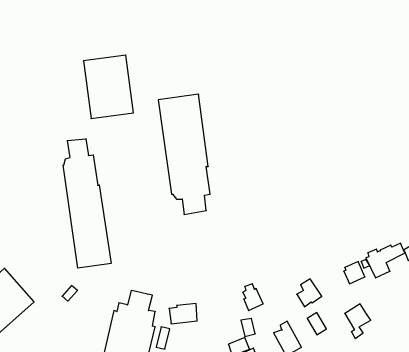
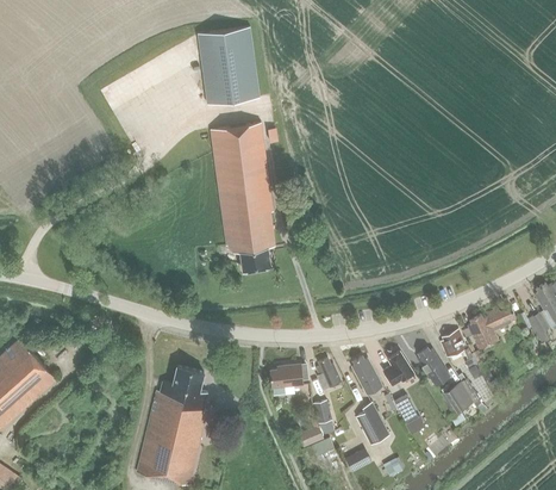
building: [83,55,133,119] -> [198,26,260,105]
building: [63,139,111,268] -> none
building: none -> [418,347,449,385]
building: none -> [351,355,382,395]
building: [169,304,197,324] -> [269,364,304,389]

